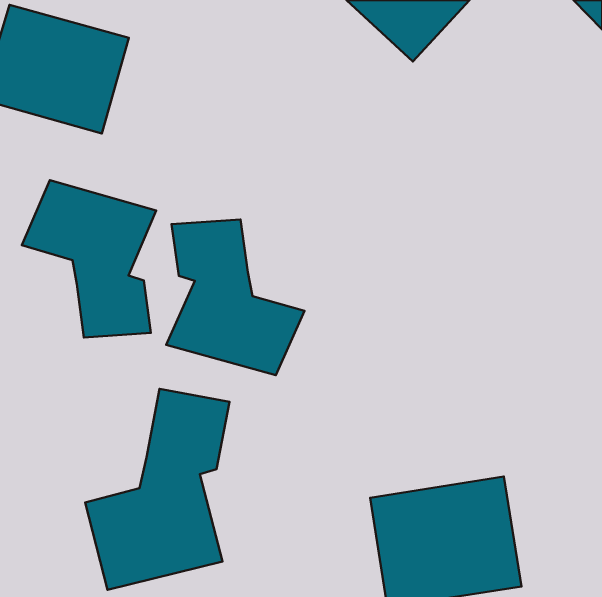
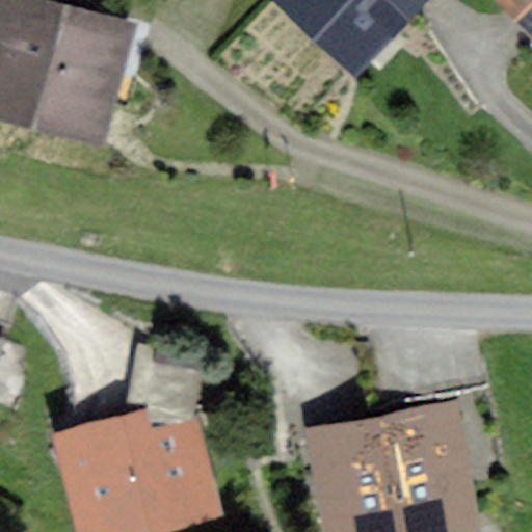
building: [22,180,156,337] -> none
building: [166,220,304,375] -> none

